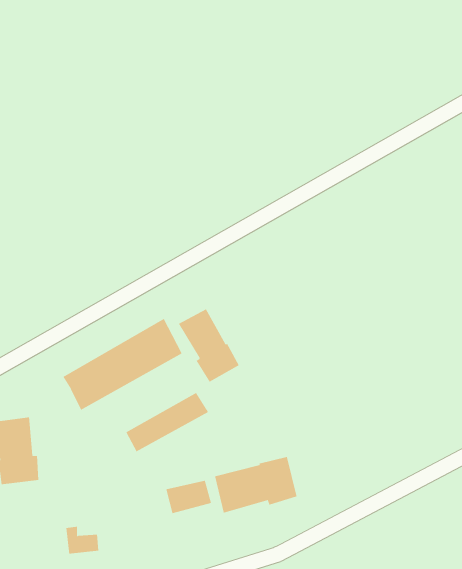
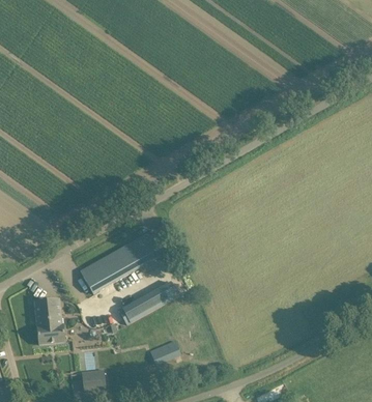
building: [178,308,240,382] -> none
building: [215,456,297,513] -> none

